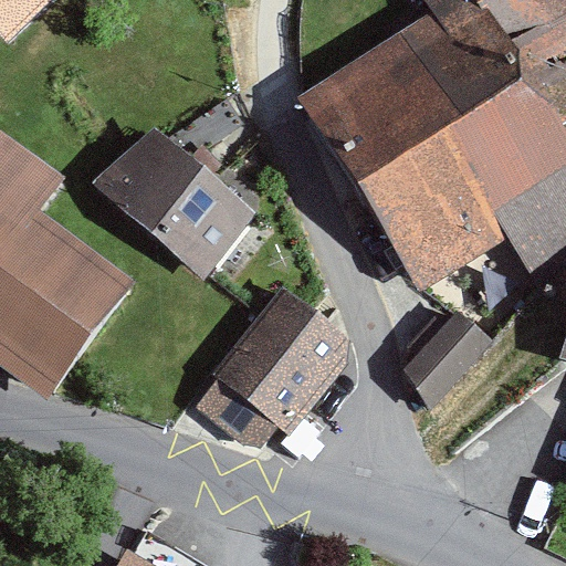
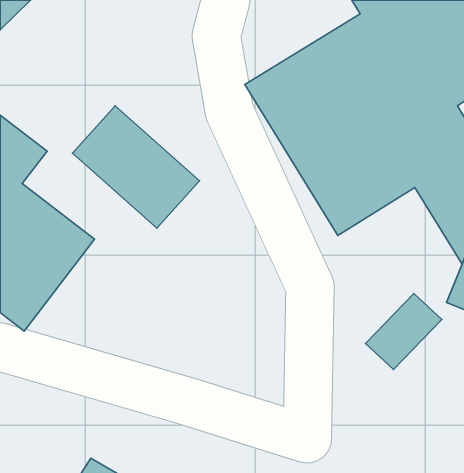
building: [212,289,355,432] -> none
building: [396,312,486,402] -> [366,293,442,369]

